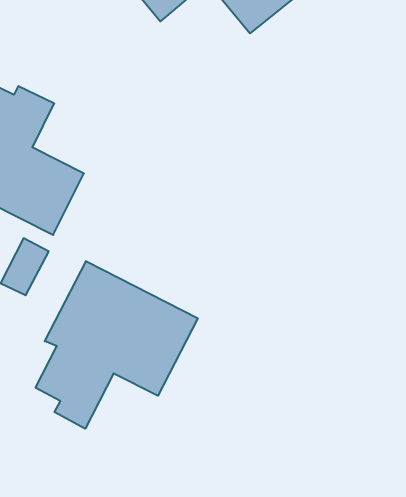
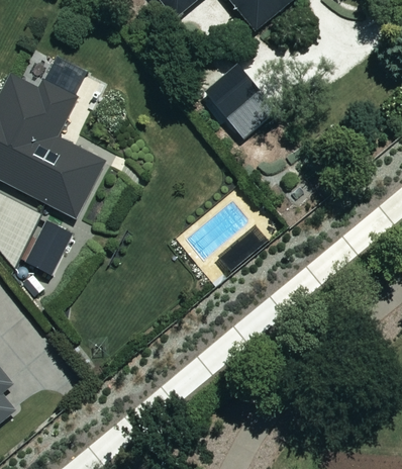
building: none -> [191,58,273,134]
building: [36,261,198,429] -> none

